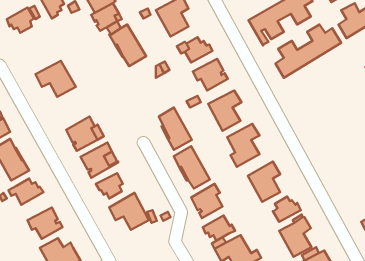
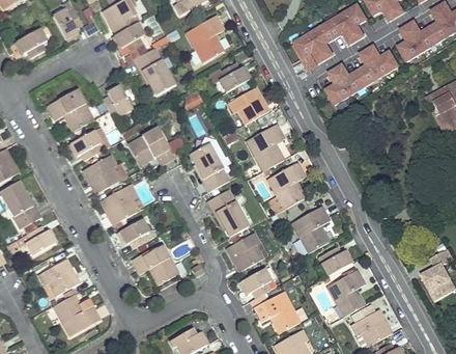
building: none -> [103,83,132,115]
building: none -> [126,128,173,164]
building: none -> [68,130,112,160]

